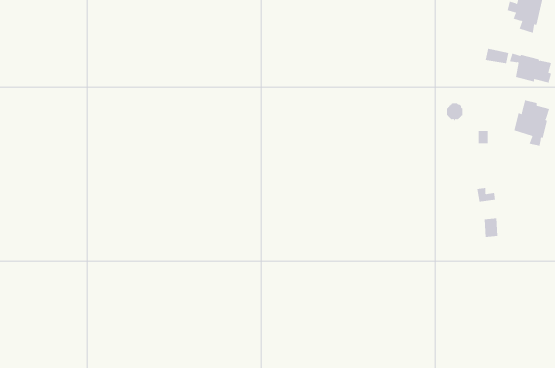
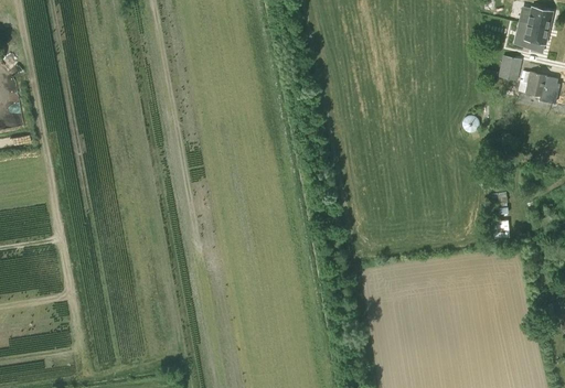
building: [514,100,550,147] -> none

